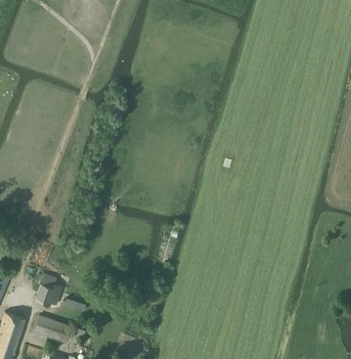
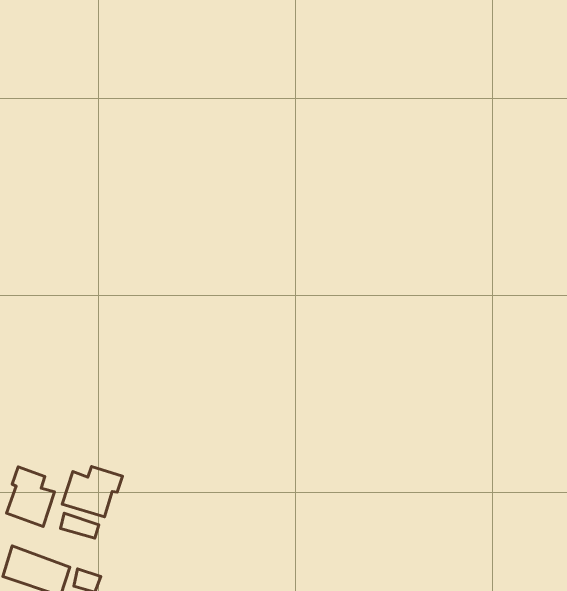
building: none -> [62,466,122,517]

